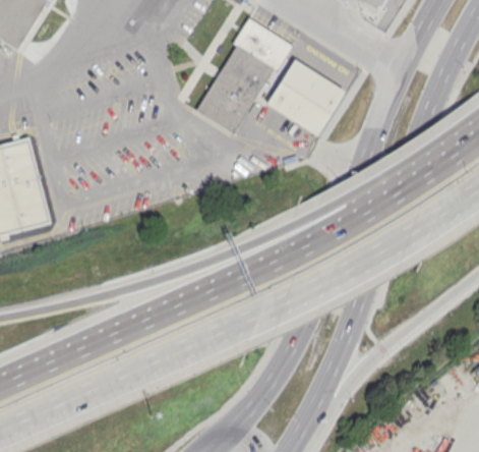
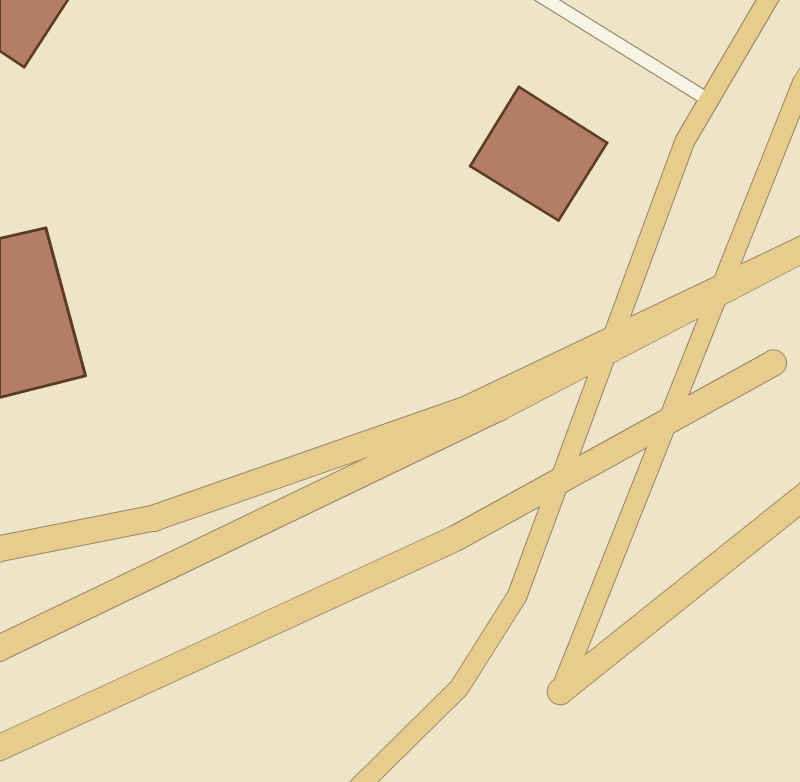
building: [197,18,292,131] -> none

